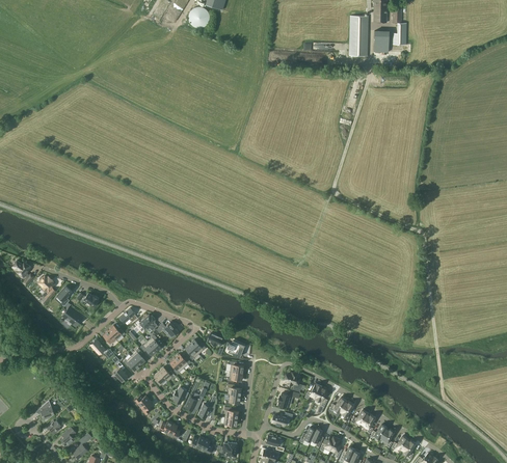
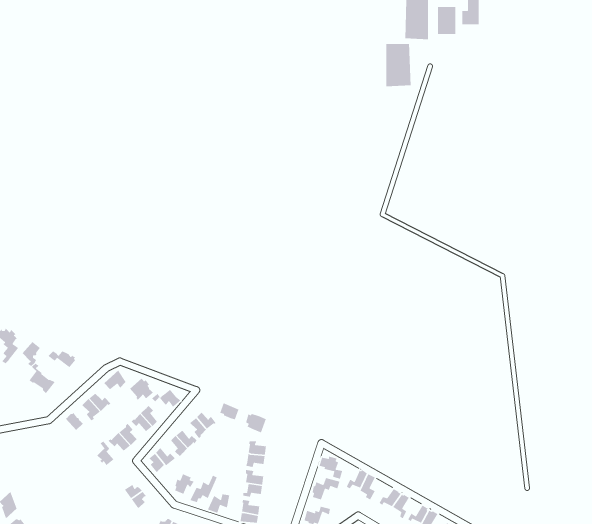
building: none -> [386,43,411,87]

